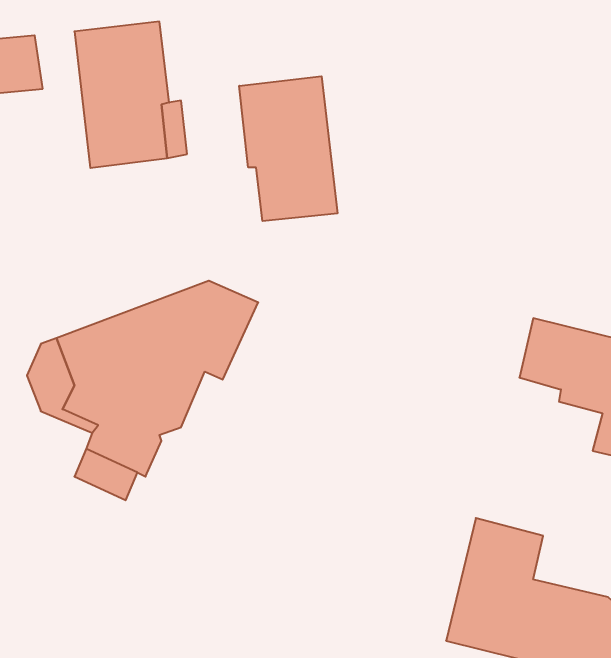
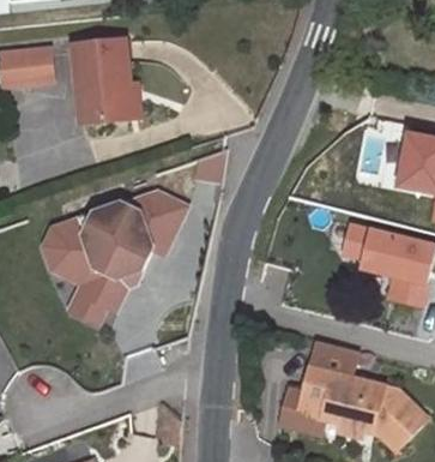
building: [239,76,337,221] -> none

